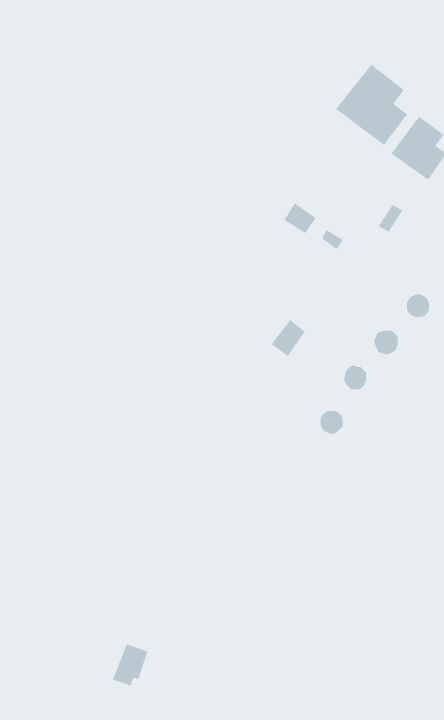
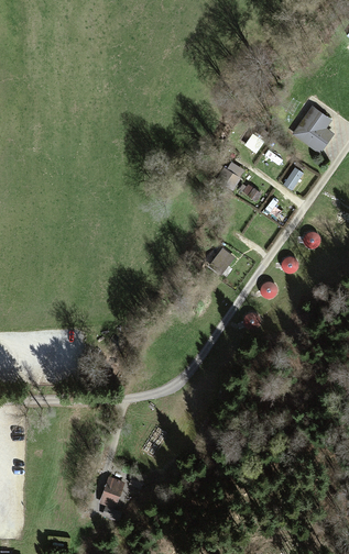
building: [335,64,408,146] -> none

